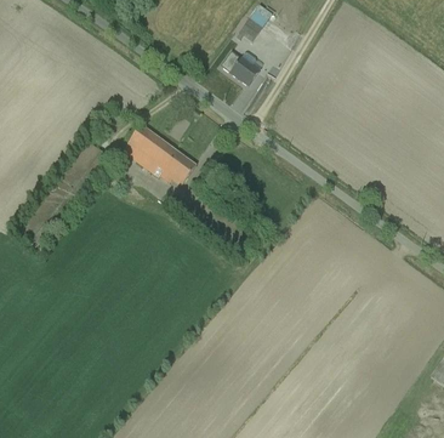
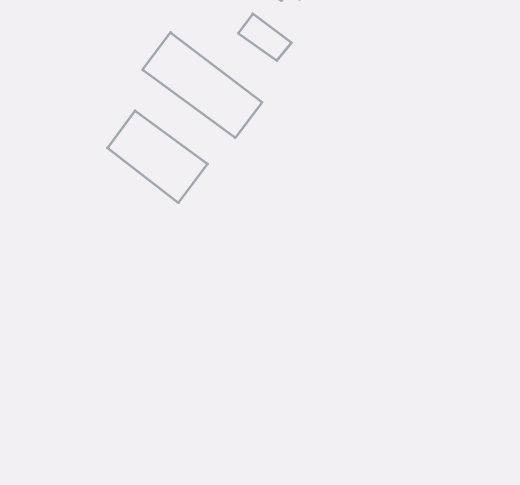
building: none -> [143,32,262,138]

